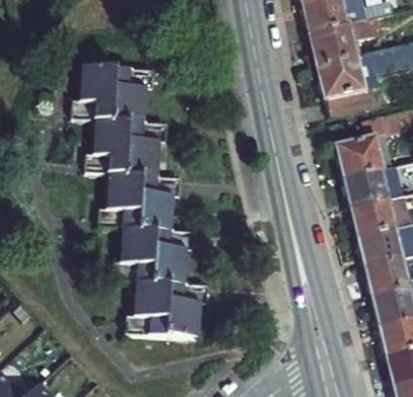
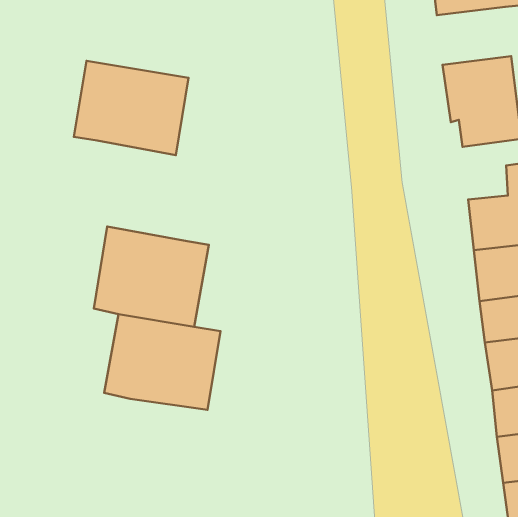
building: [305,10,356,52] -> none
building: [90,124,162,182] -> none
building: [130,288,201,341] -> none

